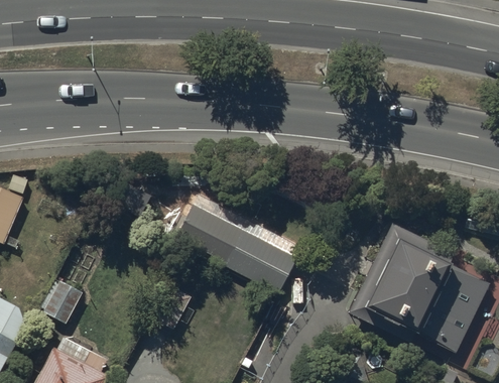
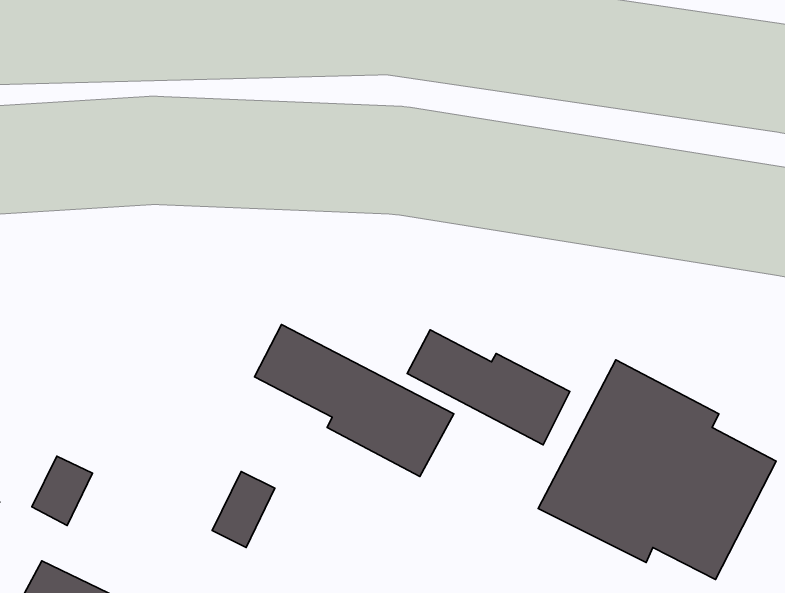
building: none -> [407,330,570,445]

